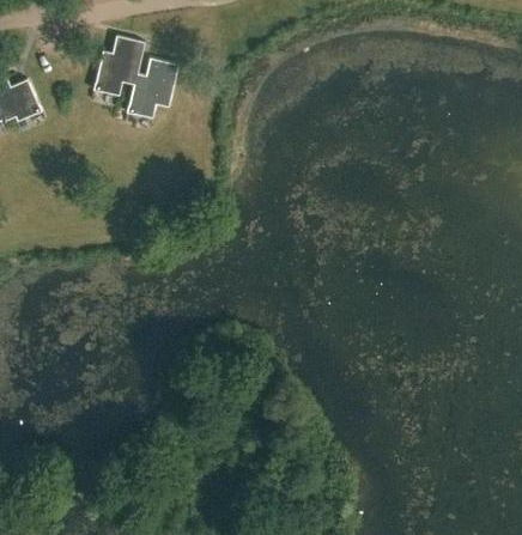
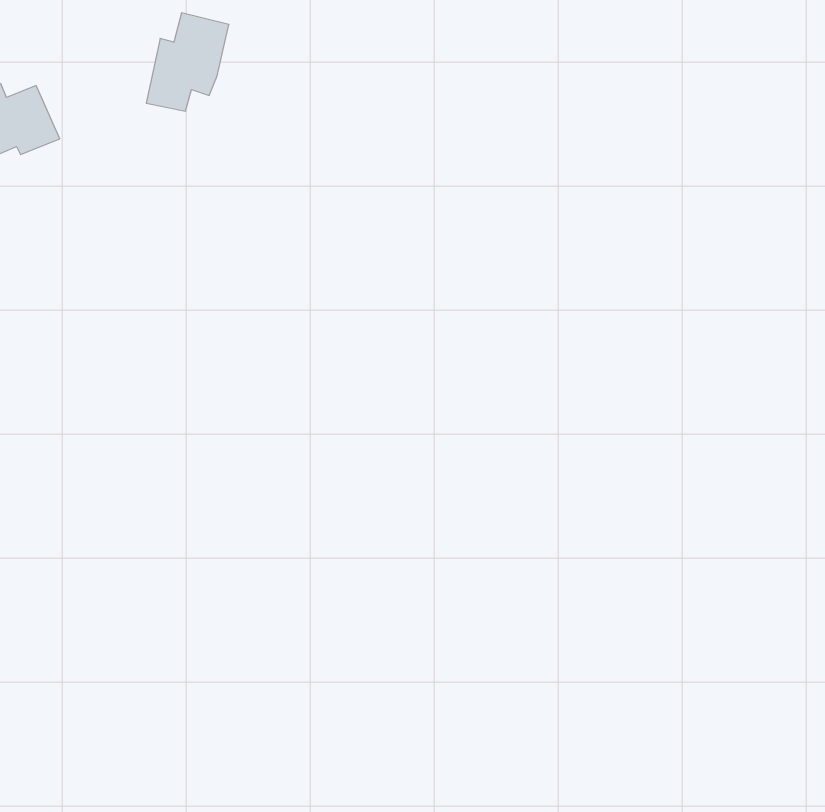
building: [126,59,177,118] -> none

